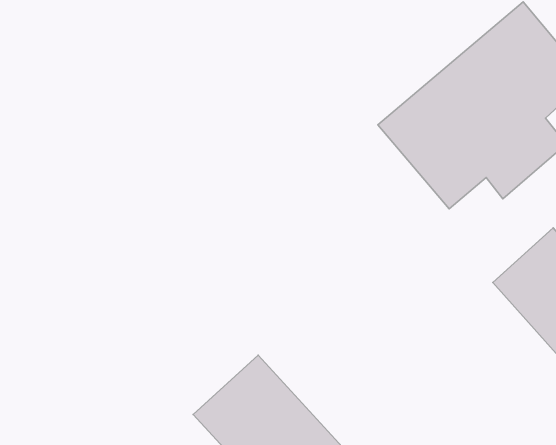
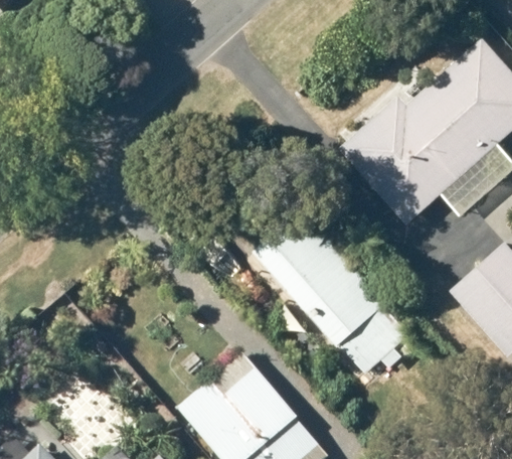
building: none -> [259,213,418,375]

